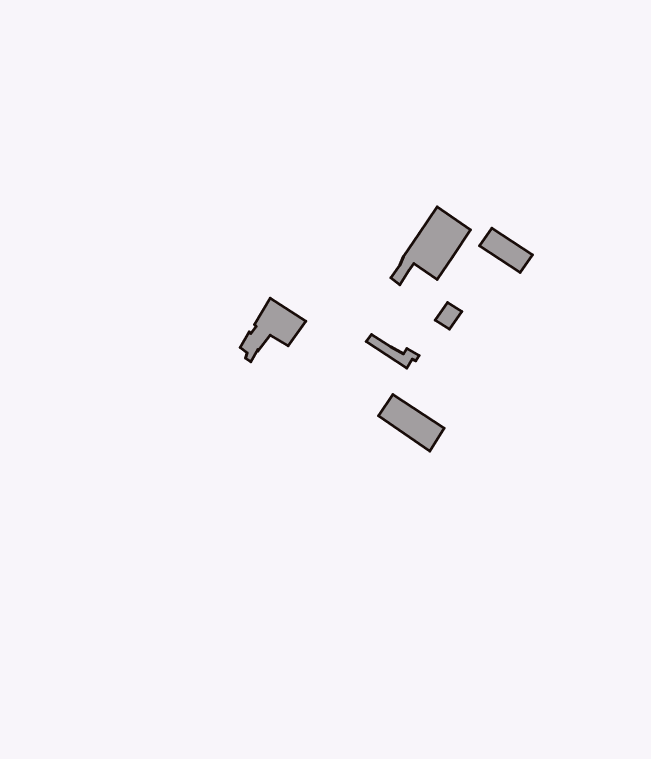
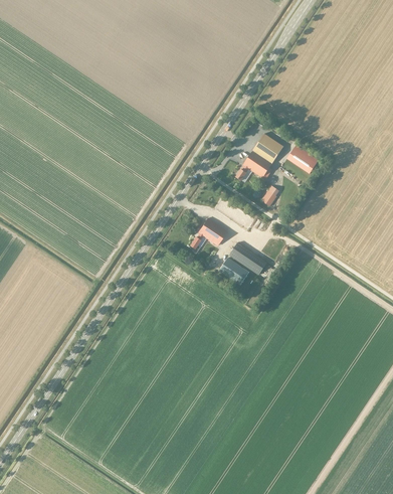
building: [240,298,306,362] -> [191,216,228,253]
building: none -> [220,256,250,284]

